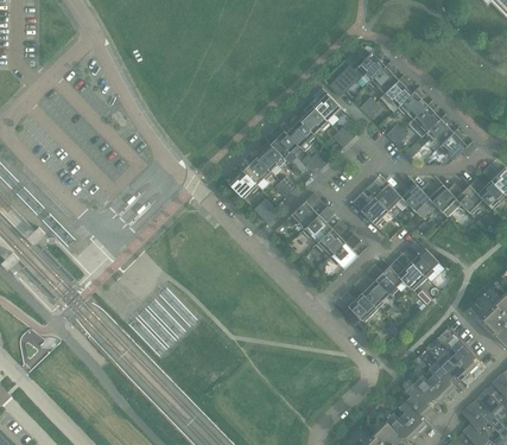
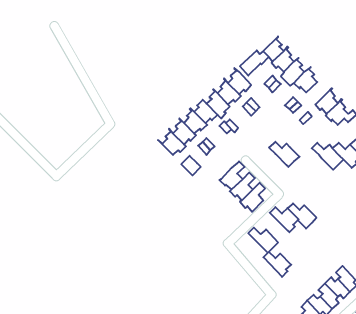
building: [408,100,439,136] -> none
building: [392,182,432,214] -> none
building: [289,193,321,229] -> none
building: [351,195,387,227] -> none
building: [401,247,438,278] -> none
building: [353,278,388,310] -> [263,252,291,277]

